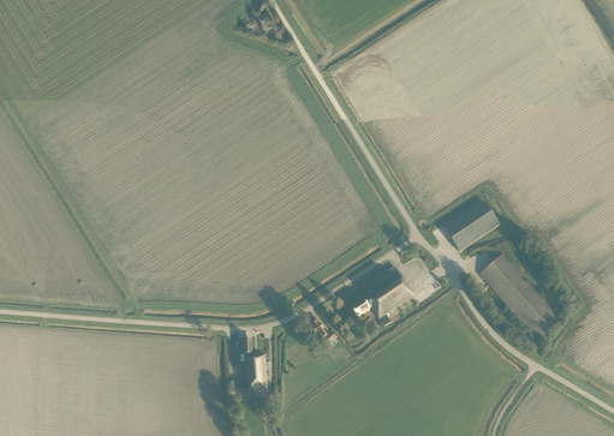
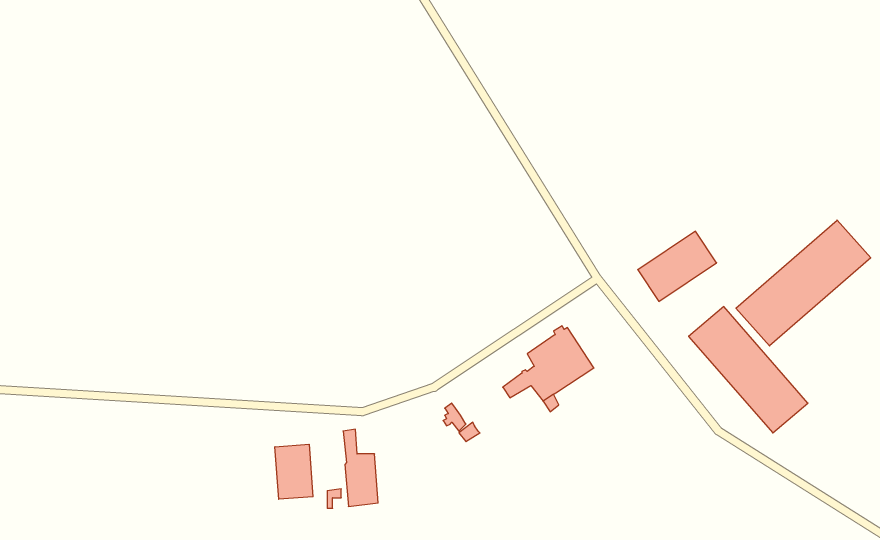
building: none -> [736,220,871,346]
building: none -> [275,444,313,499]

